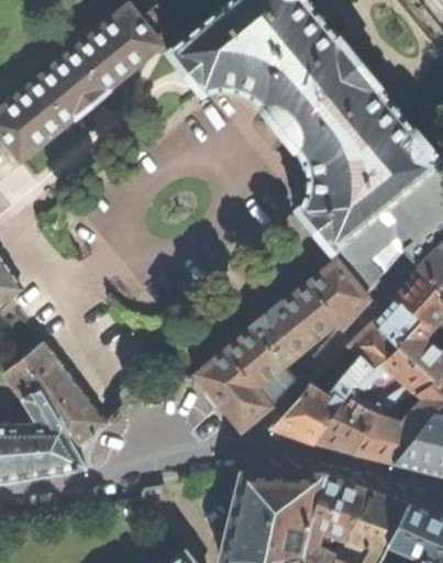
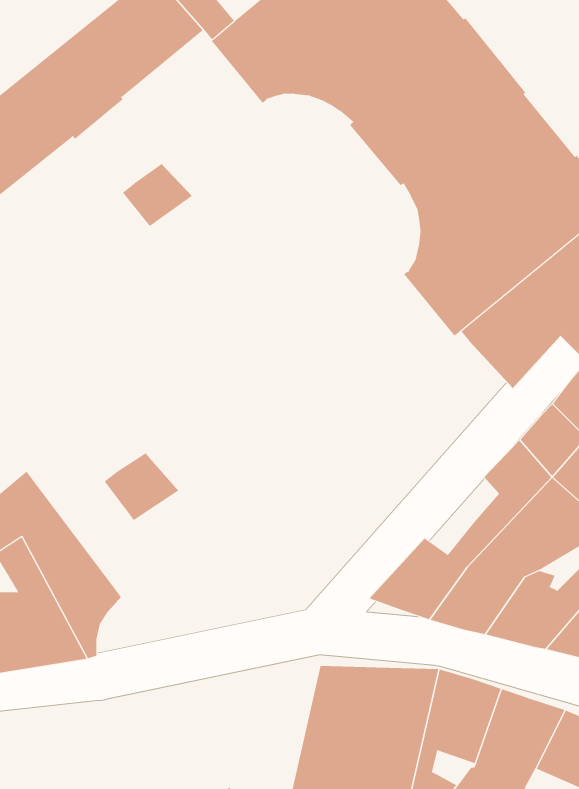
building: none -> [122,163,193,227]
building: [195,257,374,432] -> none
building: none -> [104,452,179,521]

